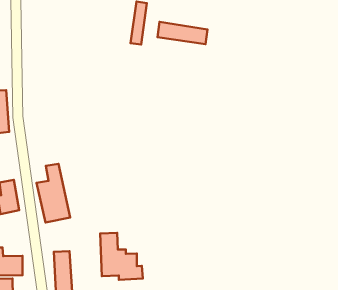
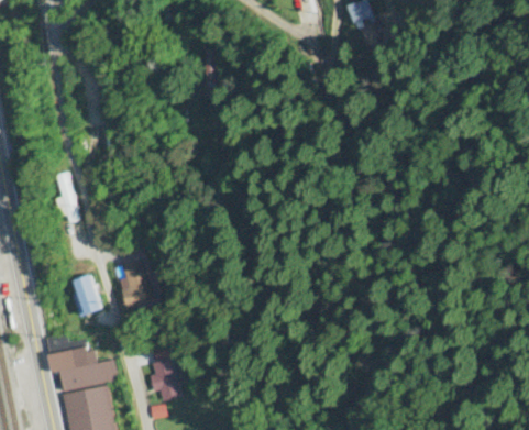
building: [157,22,207,44] -> none
building: [100,233,143,280] -> none

